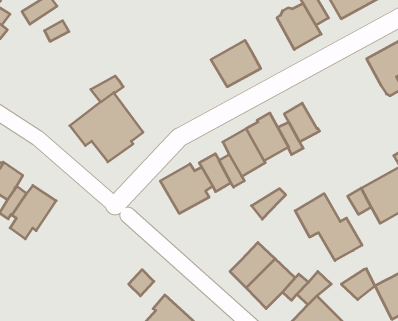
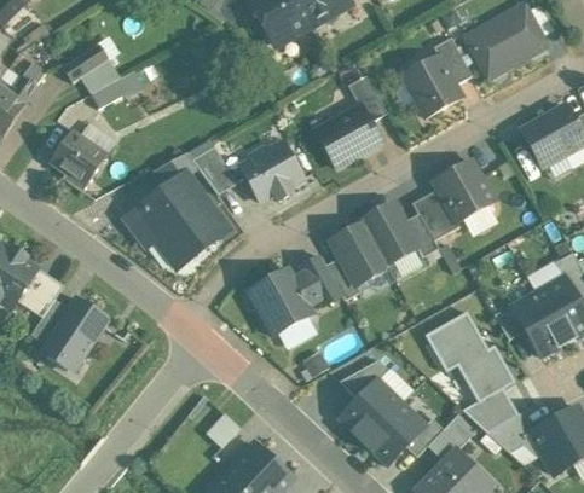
building: none -> [347,75,387,122]
building: none -> [48,130,108,192]
building: none -> [239,143,302,202]
building: none -> [192,146,236,195]
building: none -> [433,160,495,222]
building: [251,189,286,219] -> [340,358,386,399]
building: none -> [464,385,519,430]

